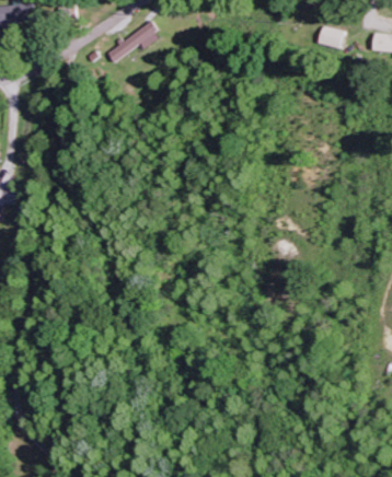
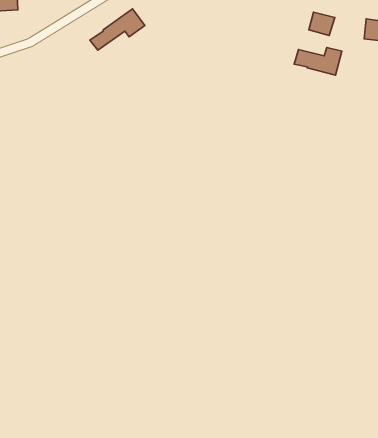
building: none -> [294,47,342,75]

